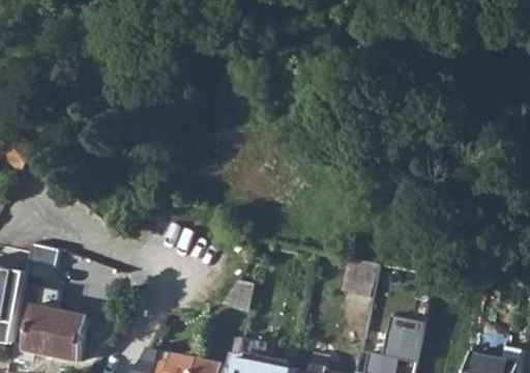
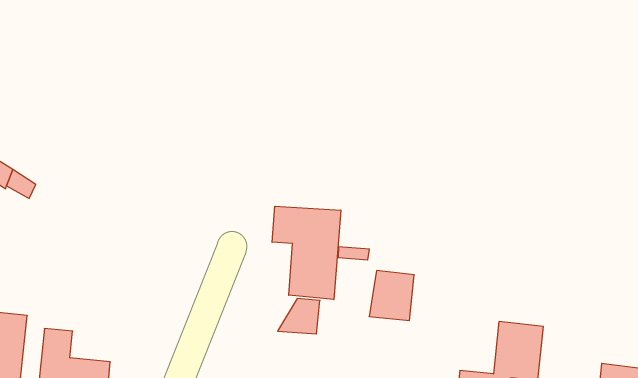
building: none -> [272,206,341,300]
building: [340,257,378,298] -> [369,271,414,321]

